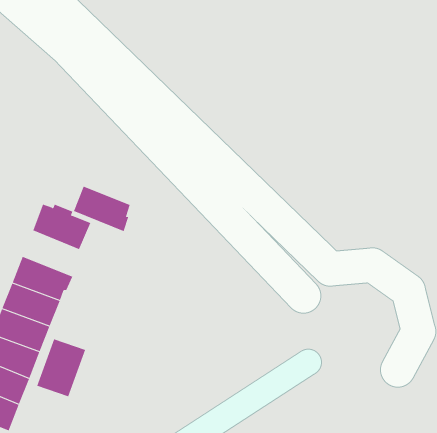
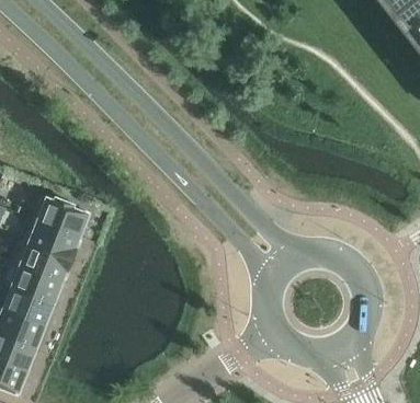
building: [73,186,131,232] -> [29,220,78,260]
building: [36,339,86,397] -> none

